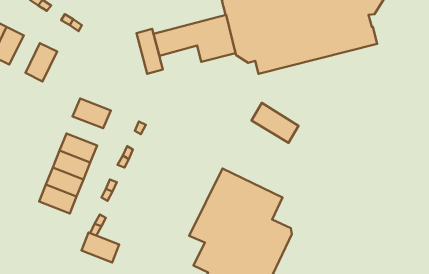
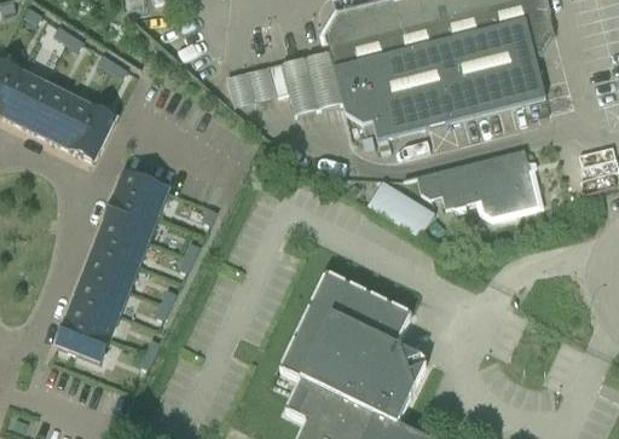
building: [137,29,163,74] -> none
building: none -> [23,82,66,135]
building: none -> [70,105,115,160]
building: none -> [401,146,537,215]
building: none -> [104,197,156,238]
building: [82,233,119,262] -> [56,318,109,360]

